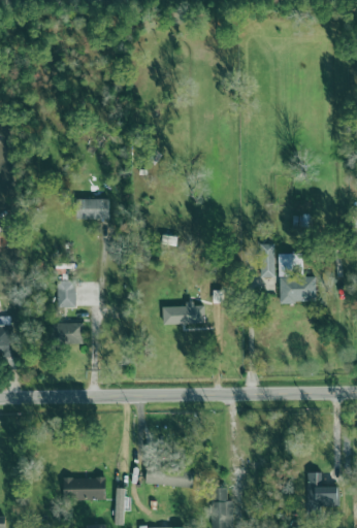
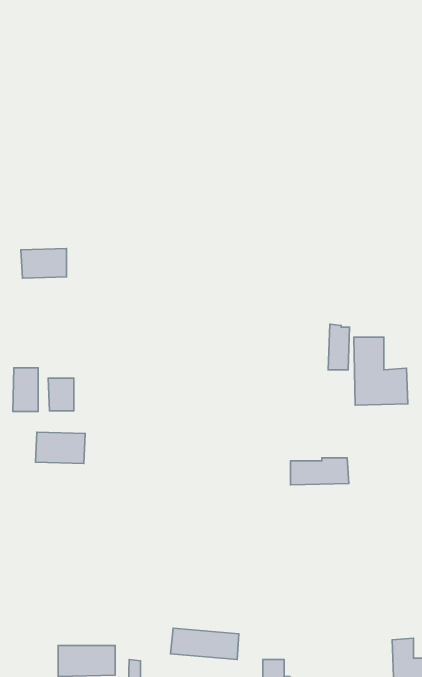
building: [76,198,109,220] -> [21,248,66,278]
building: none -> [13,368,38,411]
building: [163,304,205,324] -> [290,458,349,485]

